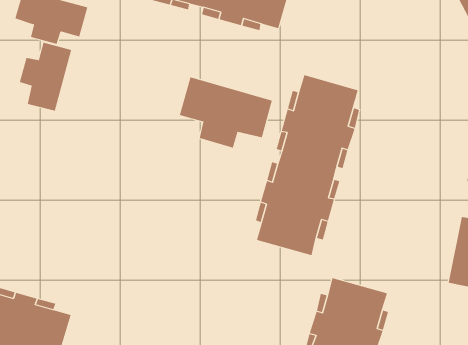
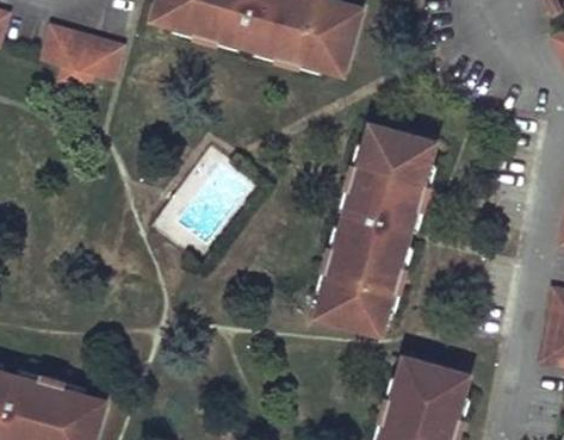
building: [19,42,72,111] -> none
building: [179,76,273,148] -> none

